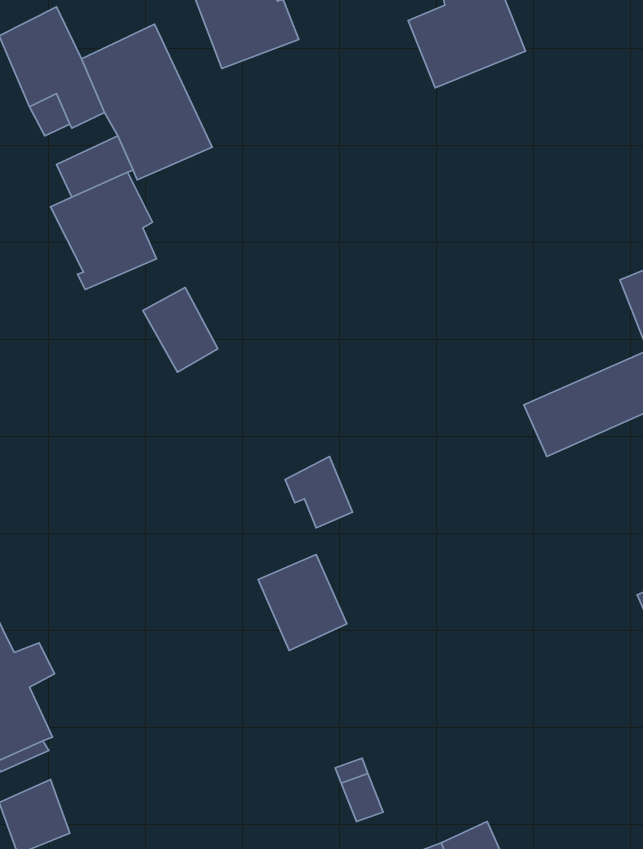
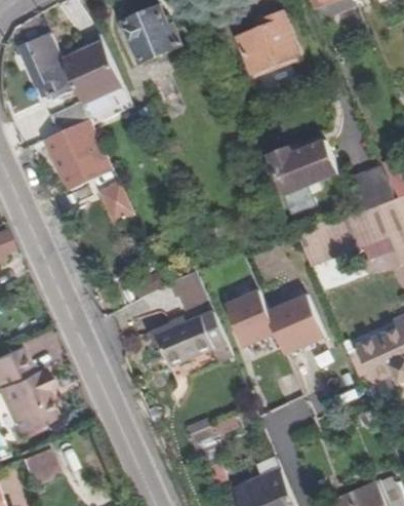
building: none -> [269,141,338,194]
building: none -> [225,288,327,355]
building: none -> [188,312,235,371]

